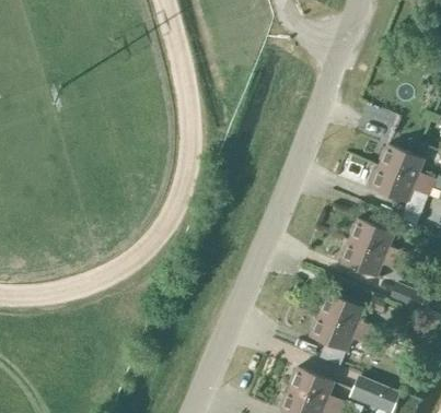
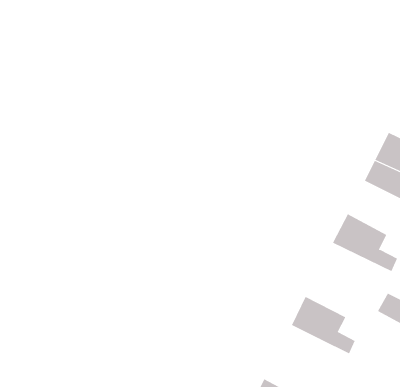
building: [340,245,401,278] -> none
building: [310,319,370,352] -> none

